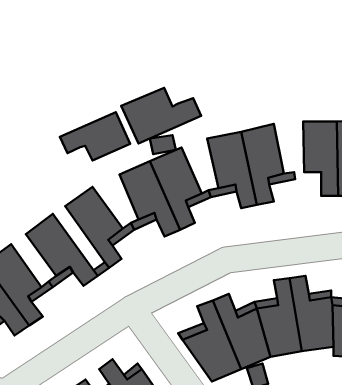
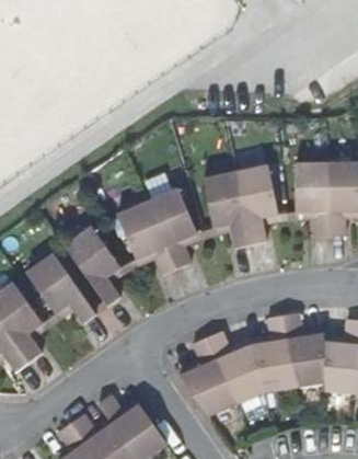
building: [121,88,201,144] -> none
building: [60,112,130,161] -> none

